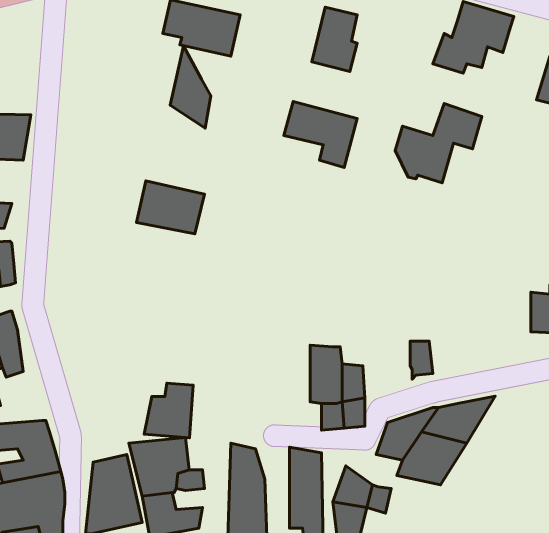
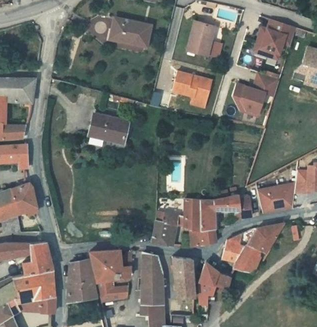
building: [170,46,211,128] -> none
building: none -> [256,186,294,215]
building: none -> [201,198,238,212]
building: [144,383,193,438] -> [152,216,178,245]

